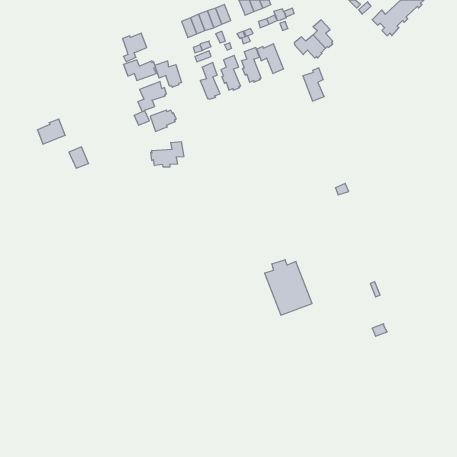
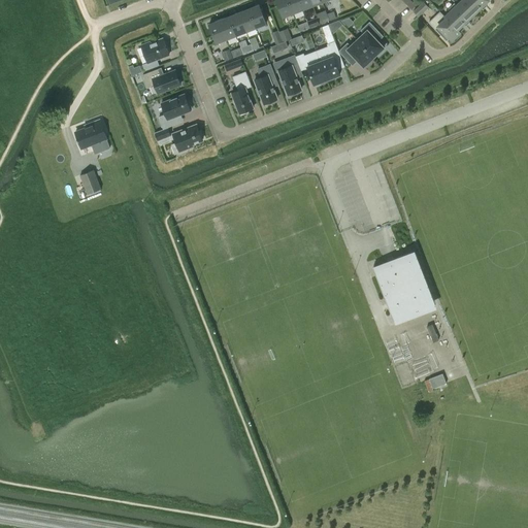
building: [155,61,182,87] -> none
building: [303,68,324,101] -> [316,41,340,79]
building: [37,119,65,144] -> [75,120,107,148]
building: [151,142,184,167] -> none
building: [265,260,312,315] -> [375,257,430,321]

